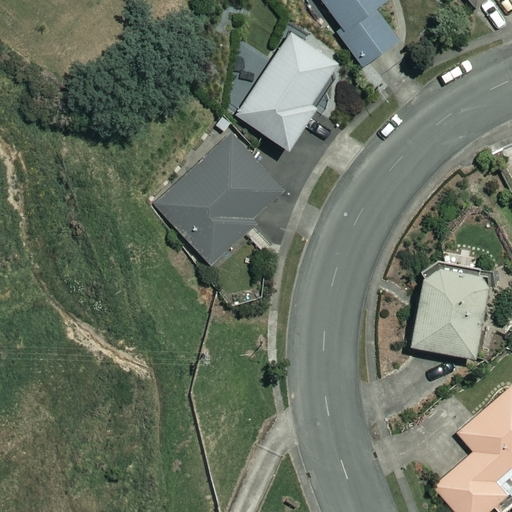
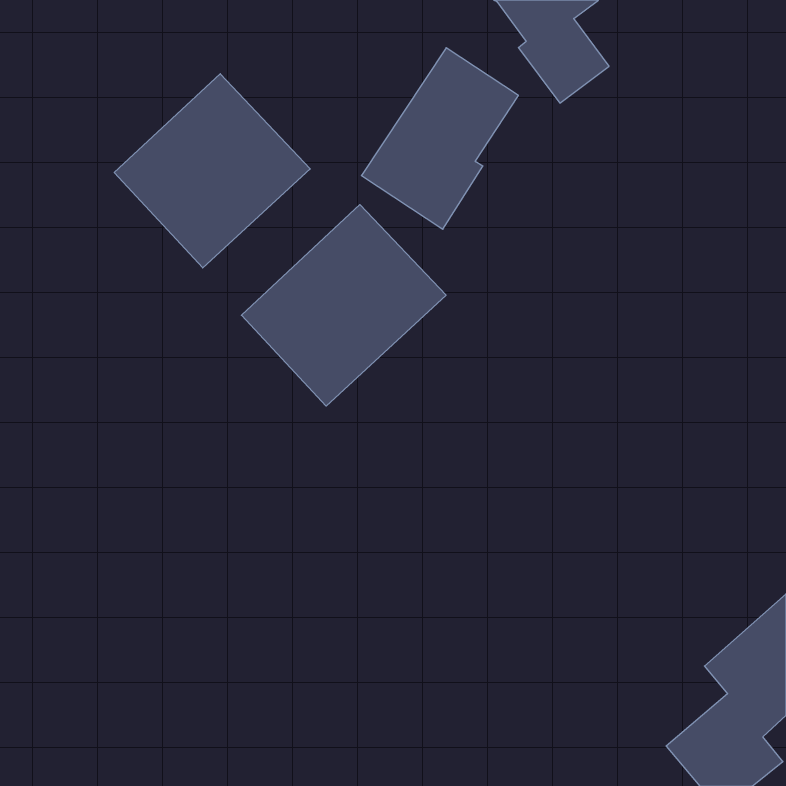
building: none -> [114,74,310,268]
building: [410,265,488,358] -> none

